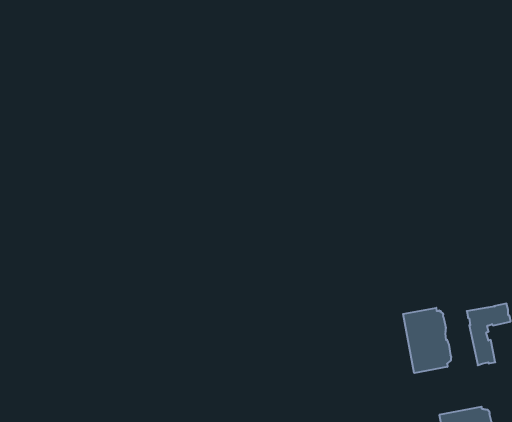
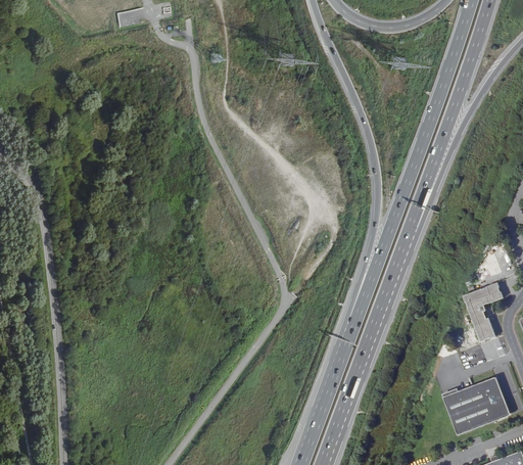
building: [403,308,451,373] -> none

